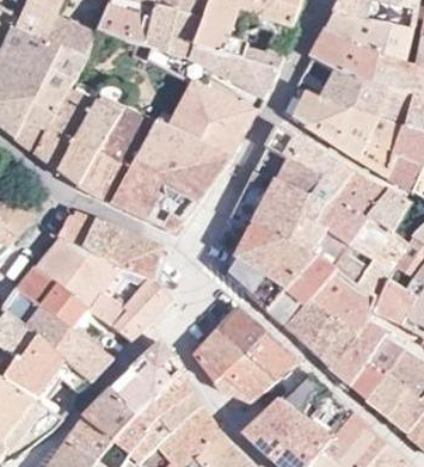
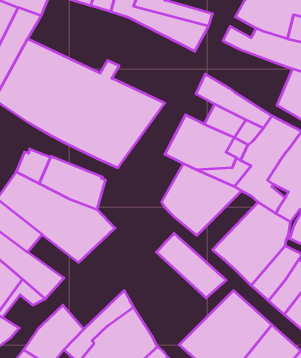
building: [167,81,253,156] -> none
building: [282,85,375,159] -> none
building: [265,257,336,325] -> none
building: [193,327,276,399] -> none
building: [111,340,182,416] -> none

